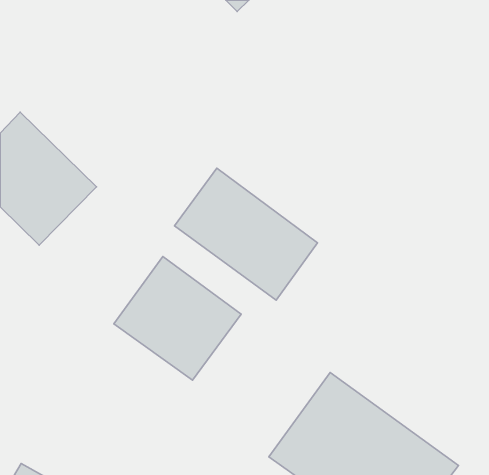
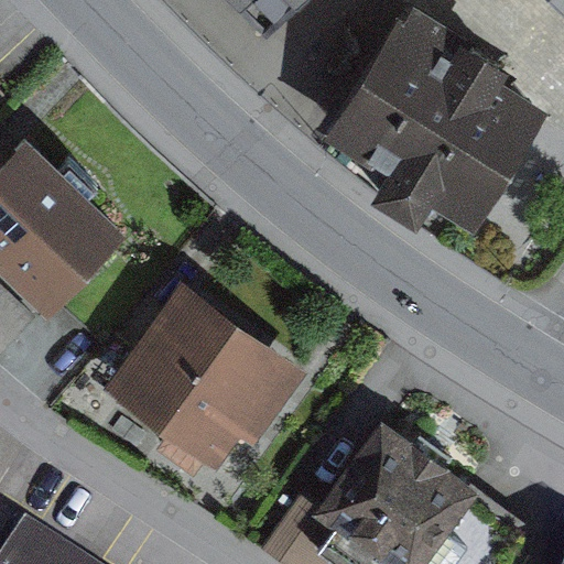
building: none -> [344,25,542,224]
building: [175,168,318,300] -> none

